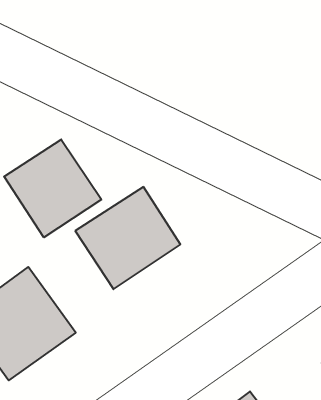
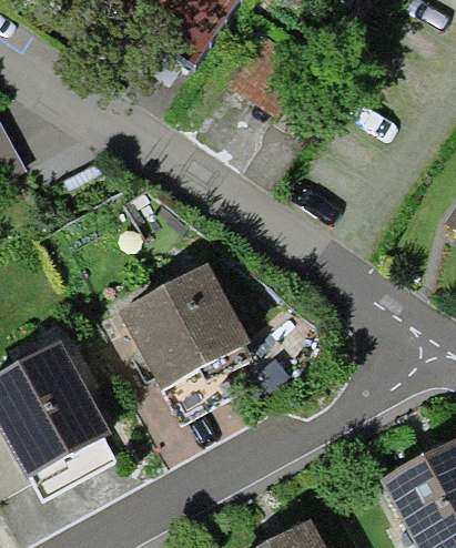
building: [4,139,101,237] -> none

